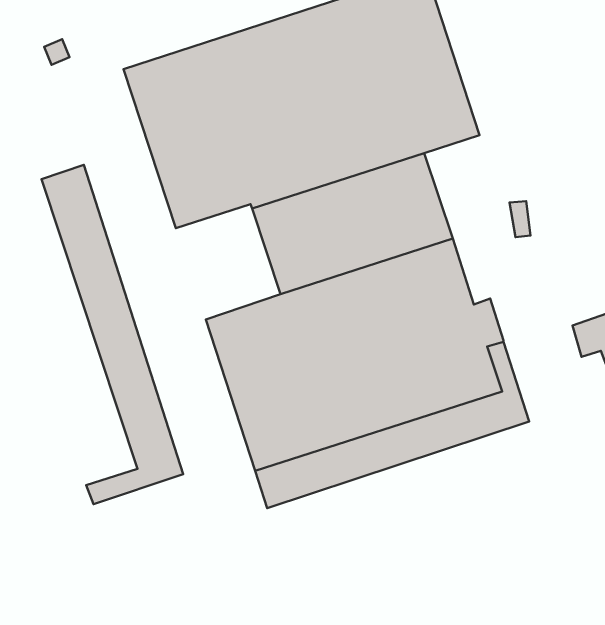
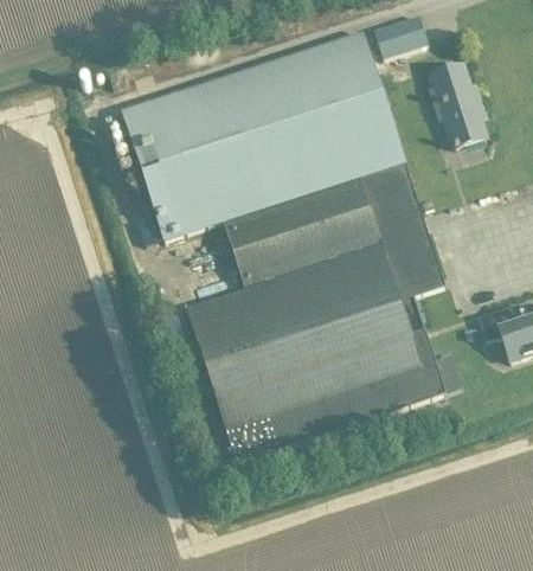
building: none -> [431,62,486,145]
building: none -> [360,162,443,296]
building: [41,165,183,504] -> none

